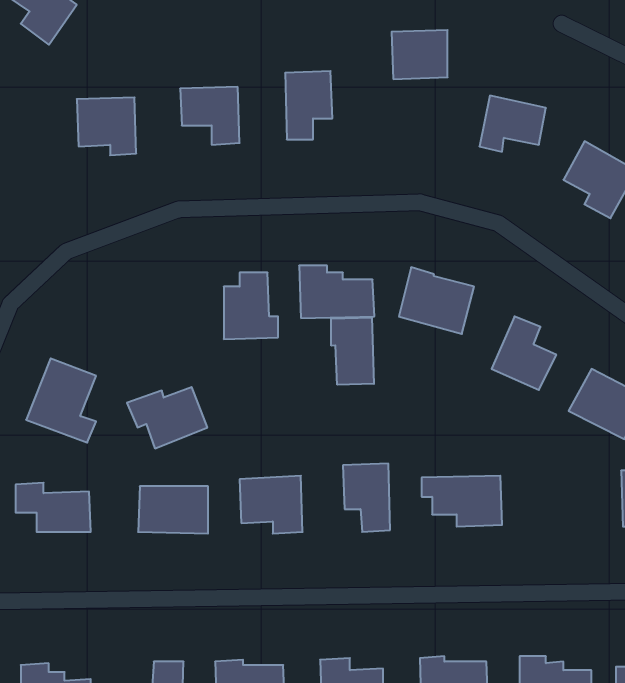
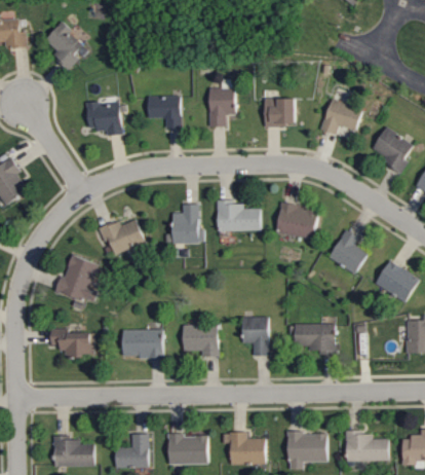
building: [392,30,448,79] -> [263,98,296,126]
building: [331,317,374,385] -> none
building: [127,387,207,448] -> [98,219,145,255]

